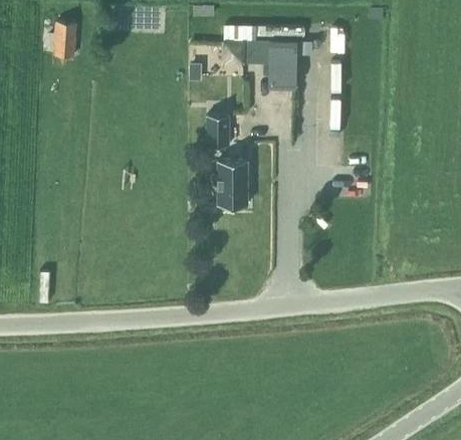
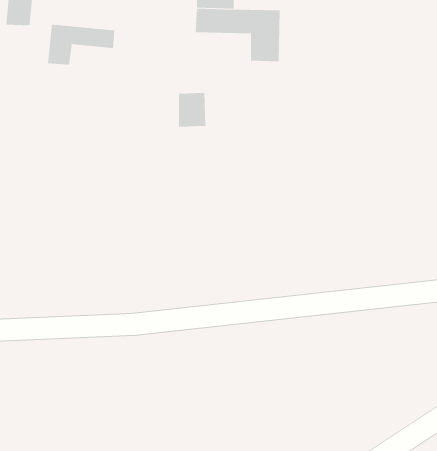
building: none -> [48,24,115,66]
building: [217,158,248,208] -> none

